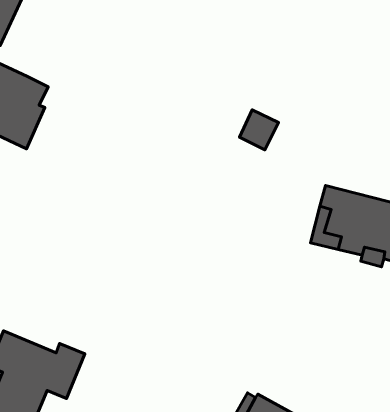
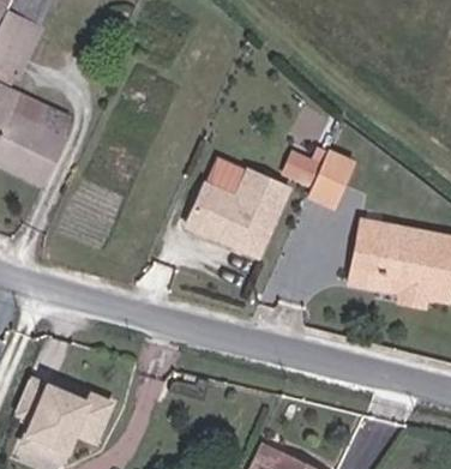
building: none -> [305,149,348,205]
building: none -> [186,167,284,253]

